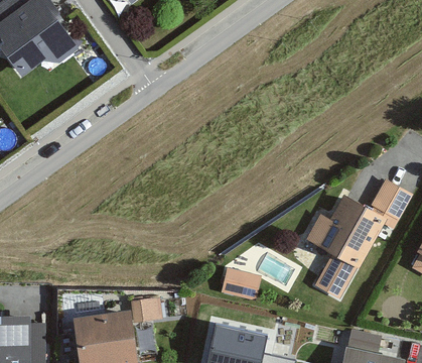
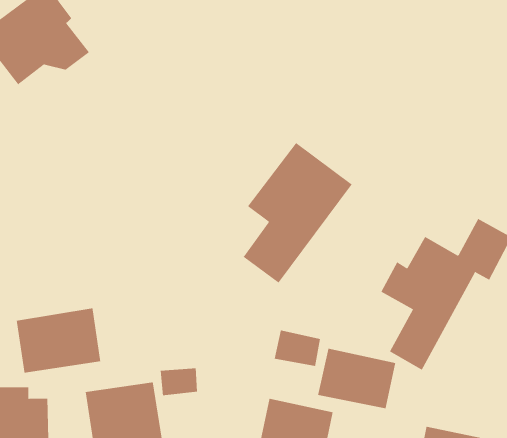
building: none -> [243,142,353,283]
building: none -> [16,307,101,373]
building: none -> [318,348,396,409]

